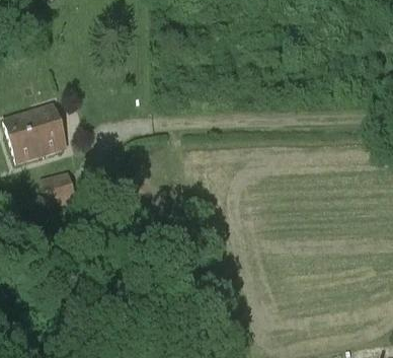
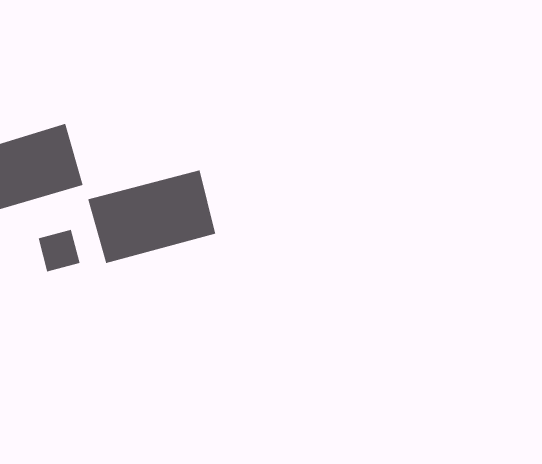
building: none -> [87,170,216,264]

